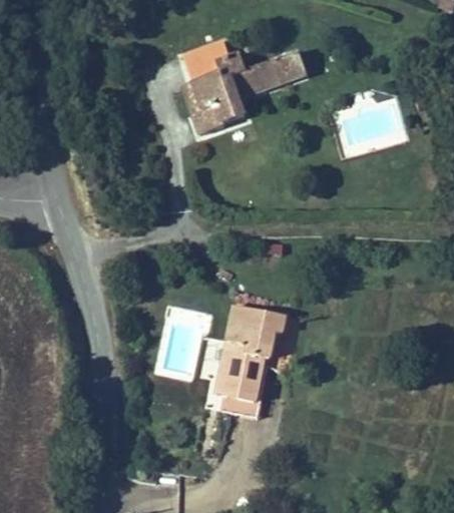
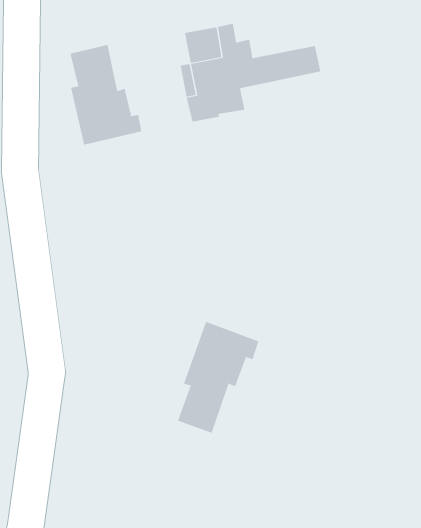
building: none -> [70,44,142,146]

